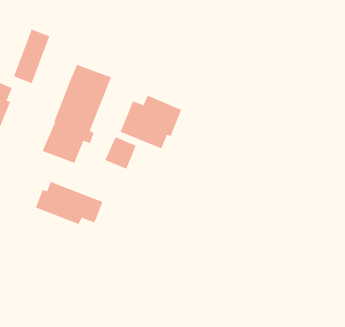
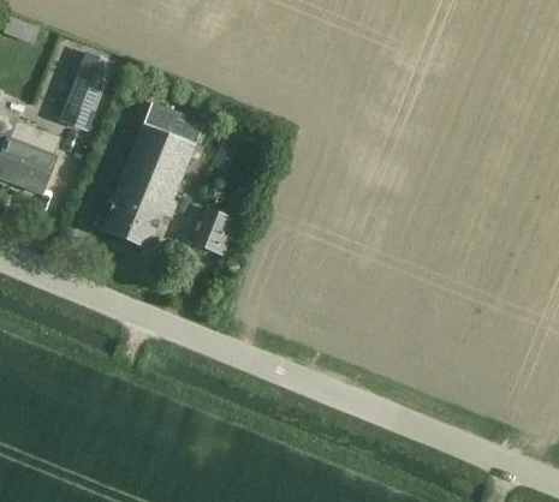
building: [120,95,182,149] -> none
building: [35,181,103,225] -> none

